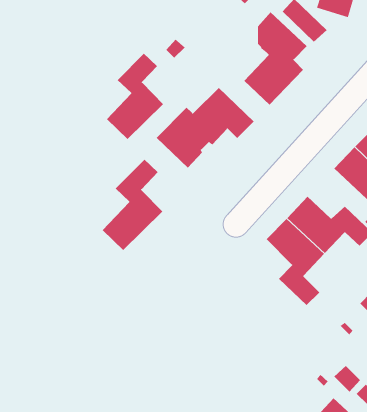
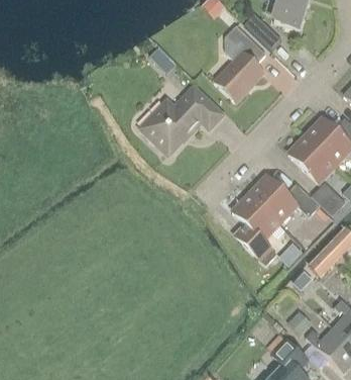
building: [106,53,164,140] -> none
building: [102,159,163,251] -> none

